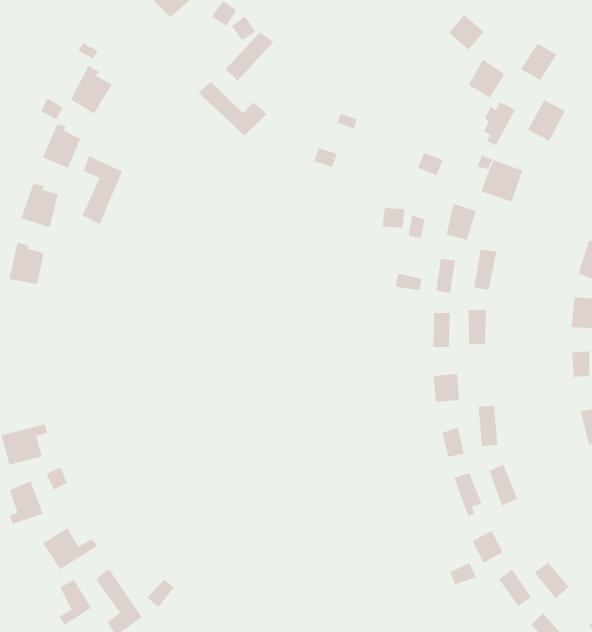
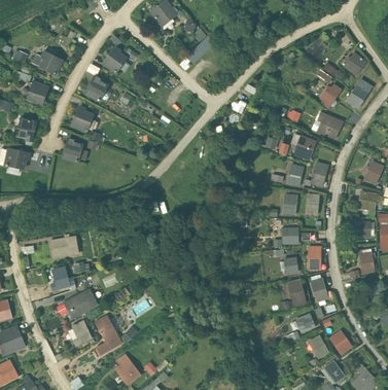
building: [198,81,268,137] -> none
building: [82,155,123,225] -> none

